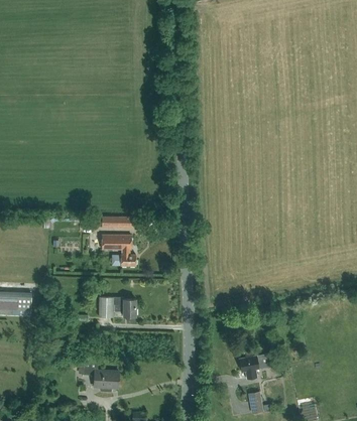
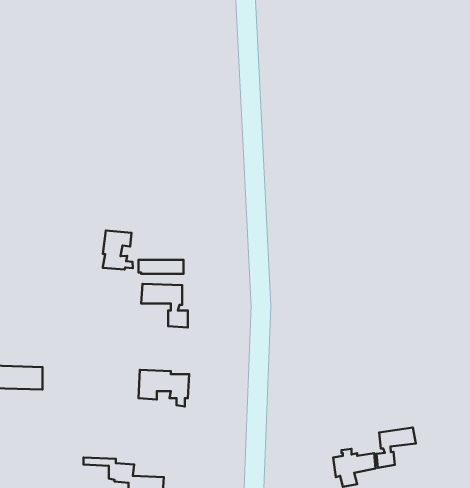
building: none -> [103,231,133,269]
building: none -> [376,428,416,468]

